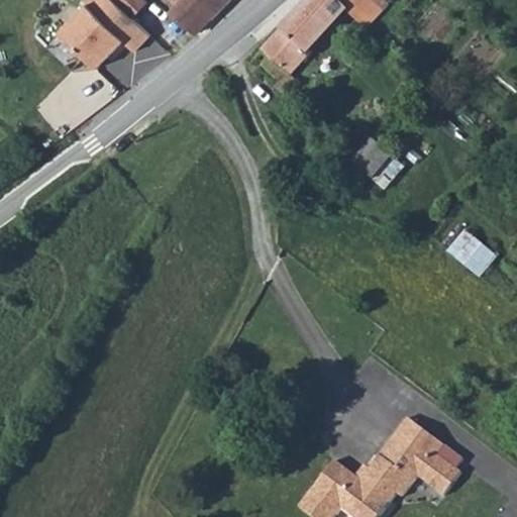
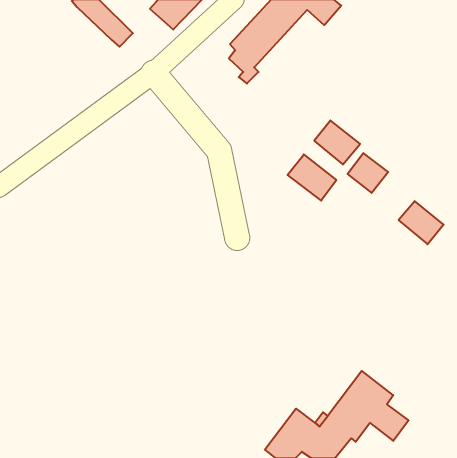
building: [61,8,125,71] -> none
building: none -> [348,153,388,193]
building: none -> [288,154,336,201]

